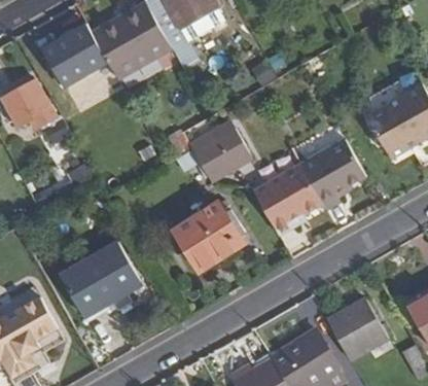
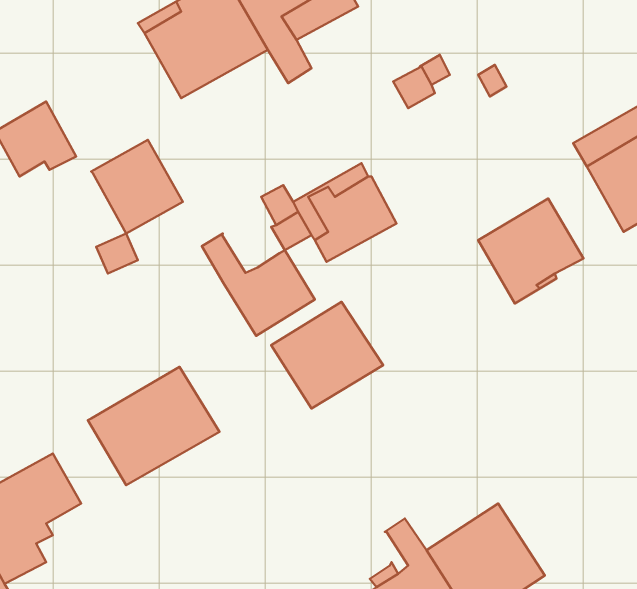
building: [42,29,99,86] -> [91,140,183,233]
building: none -> [202,234,315,336]
building: [253,163,323,234] -> none
building: [327,299,388,359] -> none

